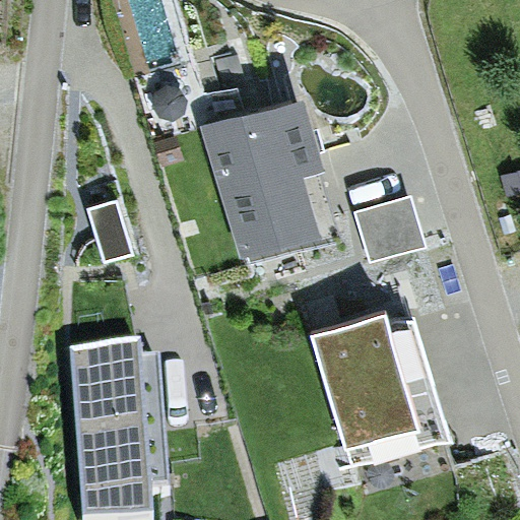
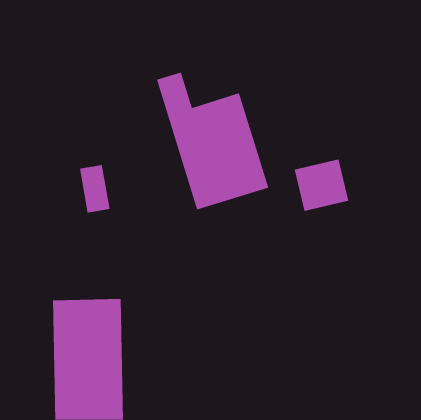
building: [309,311,442,462] -> none

